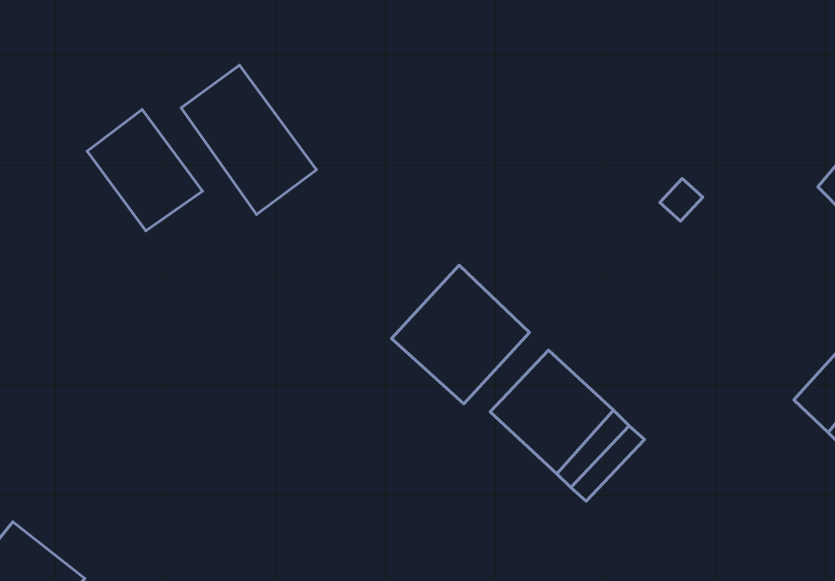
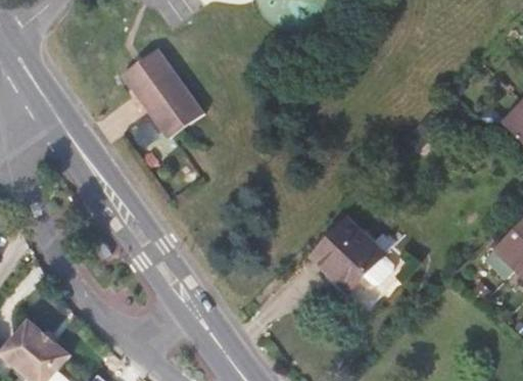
building: [87,109,202,231] -> none
building: [392,265,530,404] -> none

